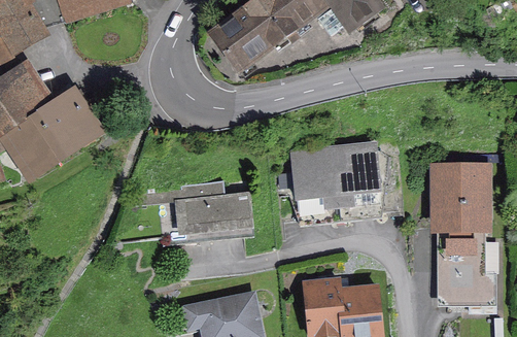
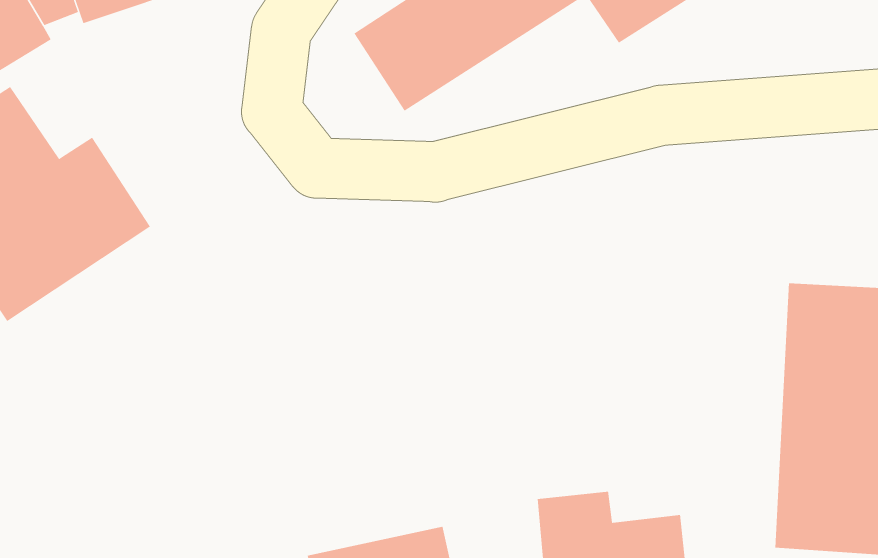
building: [288,141,383,216] -> none
building: [159,188,253,238] -> none

